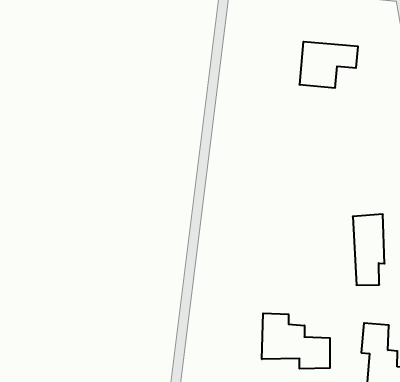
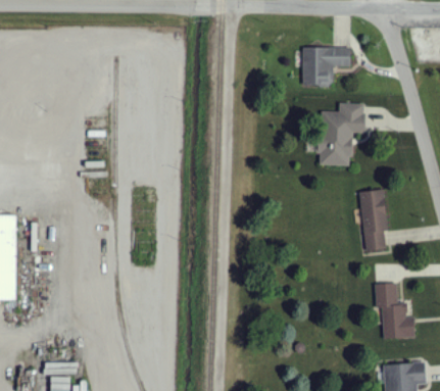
building: none -> [320,103,365,165]
building: [262,313,330,369] -> none

